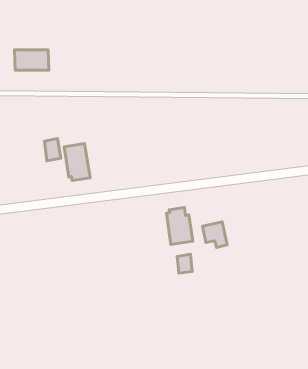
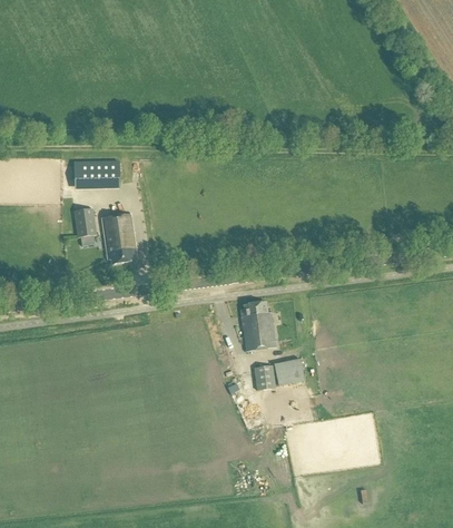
building: [14,50,49,70] -> [72,159,119,187]
building: [203,222,227,247] -> [273,356,306,391]

